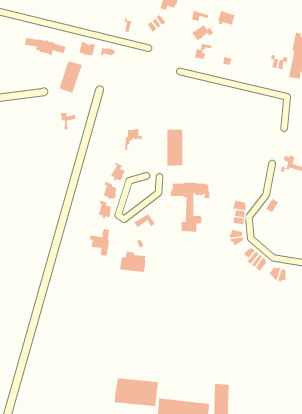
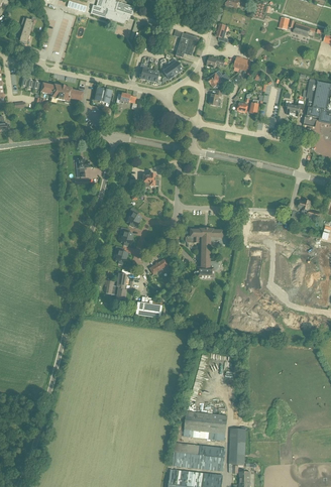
building: [58,60,83,94] -> none
building: [166,129,183,167] -> none
building: [114,378,159,407] -> [184,410,228,440]

